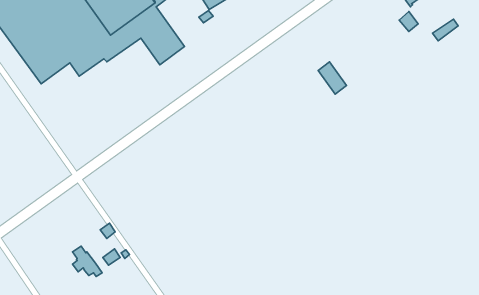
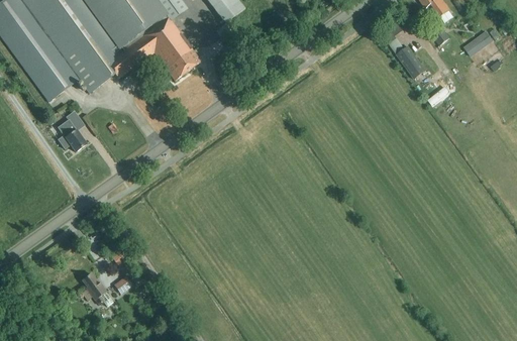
building: [318,62,347,94] -> [395,45,425,80]
building: none -> [57,111,86,151]

